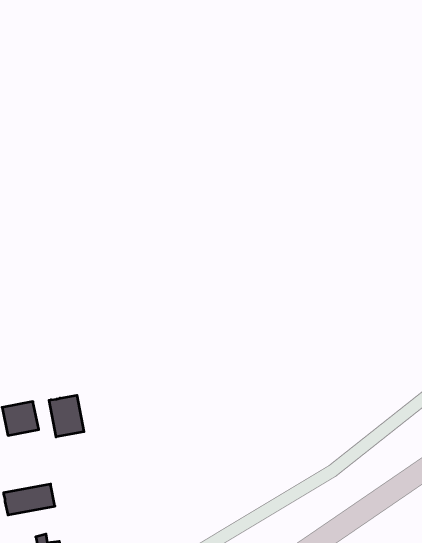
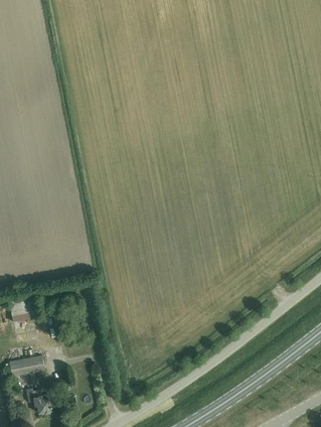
building: [49,395,84,437] -> none

